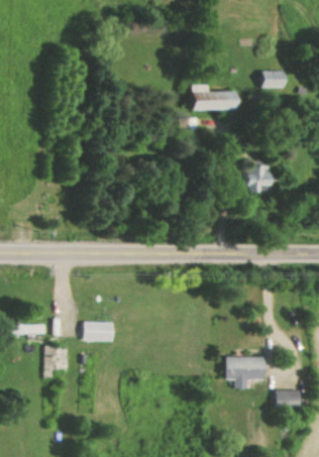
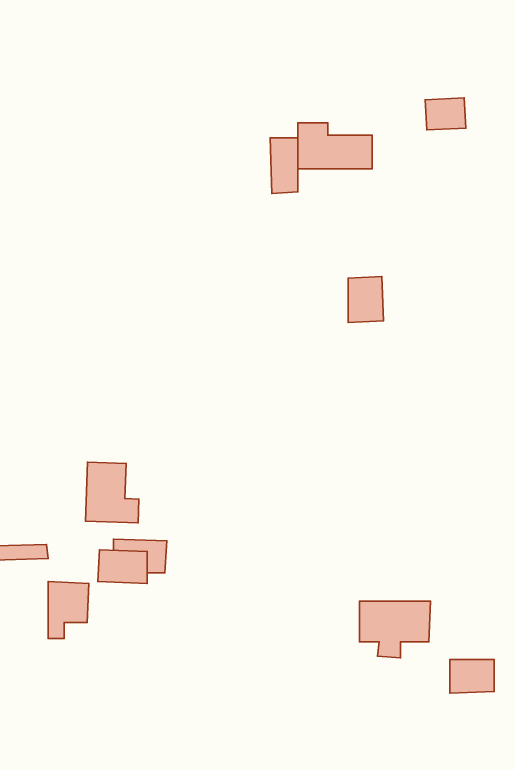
building: none -> [270,138,298,194]
building: [248,164,269,191] -> [348,277,384,323]
building: none -> [85,462,139,523]

